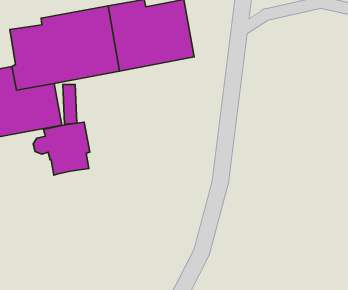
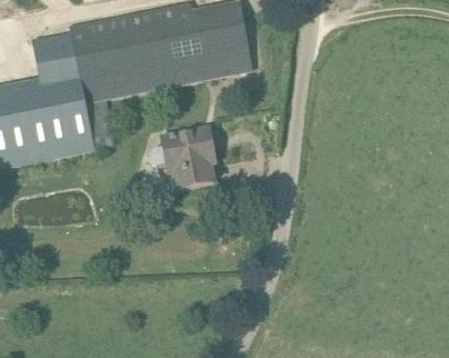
building: [33,122,90,175] -> [148,128,214,190]

